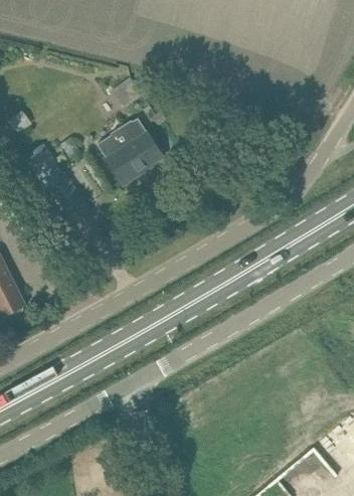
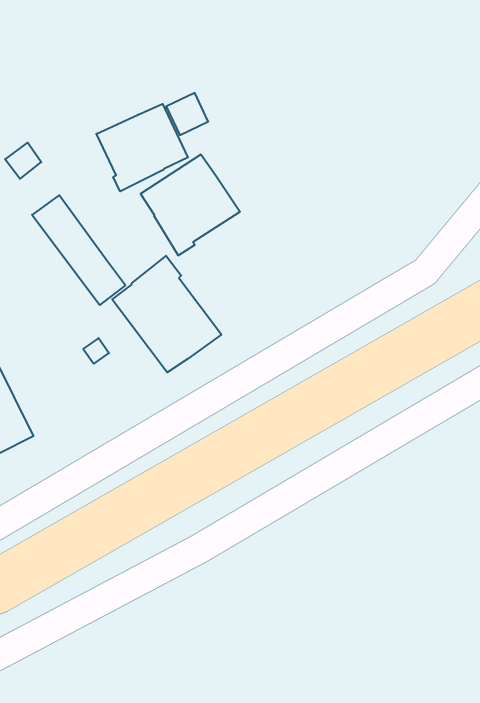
building: none -> [96,104,188,191]
building: none -> [112,256,221,372]

